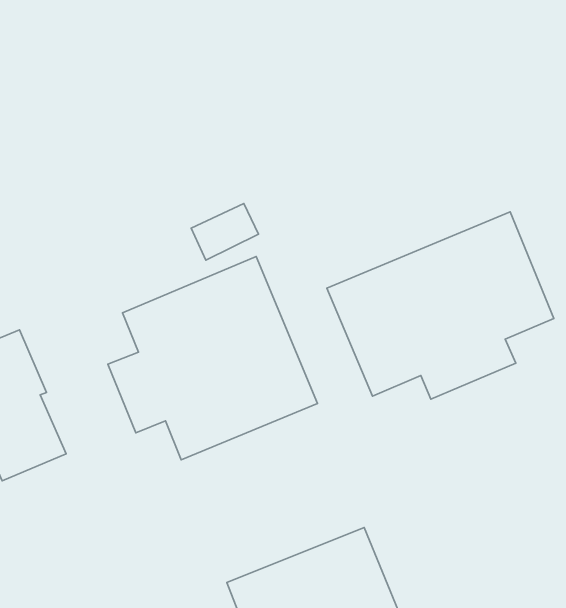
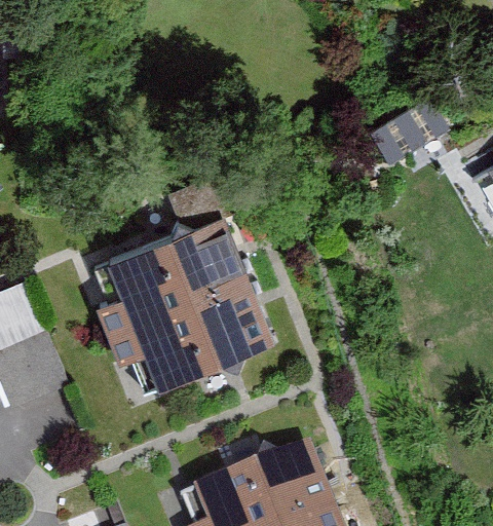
building: [327,212,554,399] -> none

